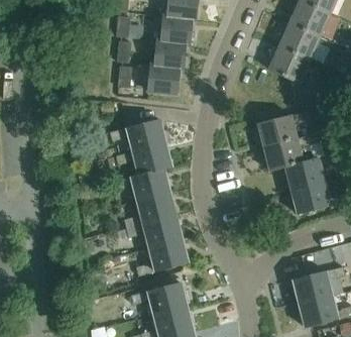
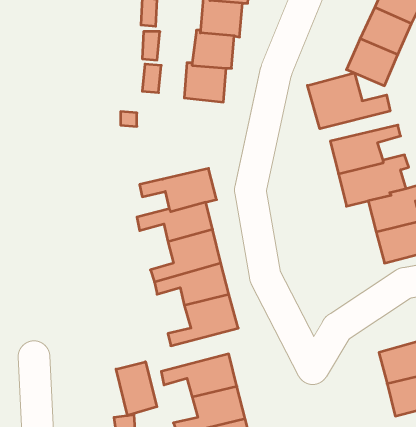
building: none -> [307,73,390,129]
building: [109,119,166,151] -> none
building: none -> [116,362,157,416]

